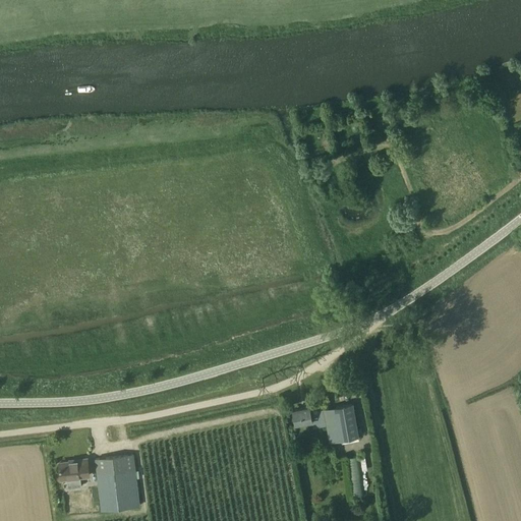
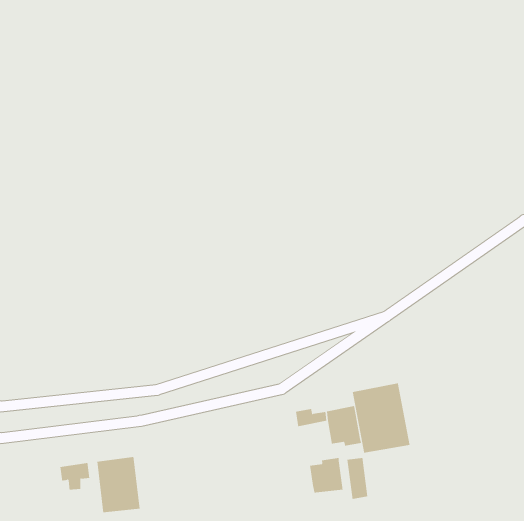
building: none -> [352,383,410,453]
building: none -> [309,457,343,494]

